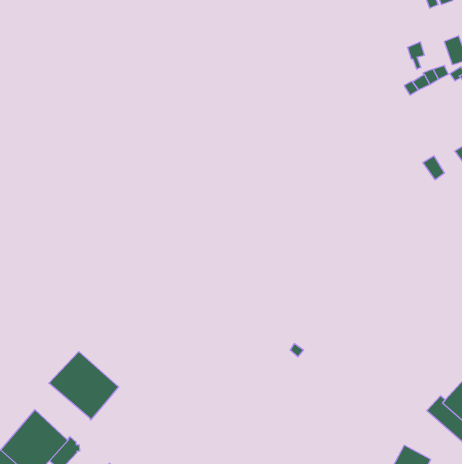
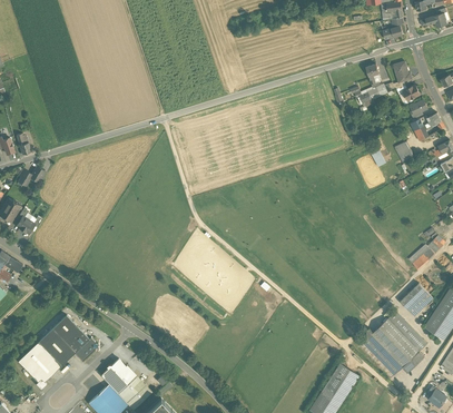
building: [49,352,119,420] -> none

